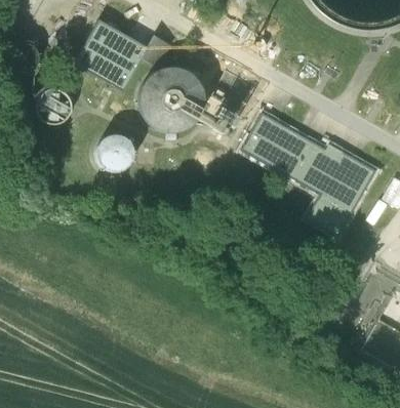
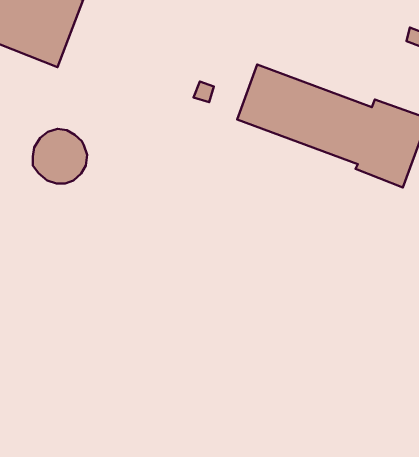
building: [138,65,204,130] -> none

